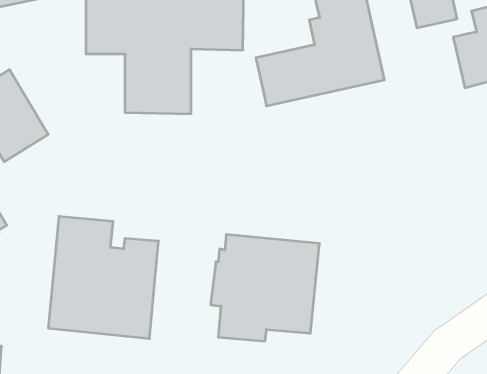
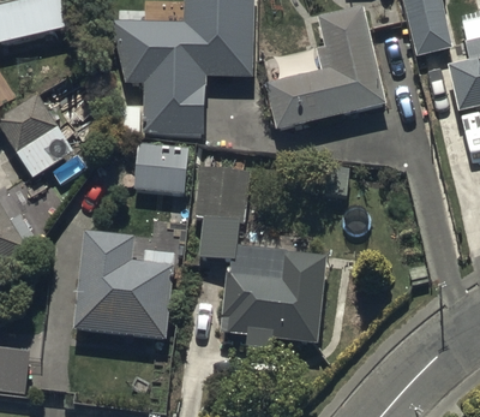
building: none -> [132,142,188,193]
building: none -> [194,167,250,261]

